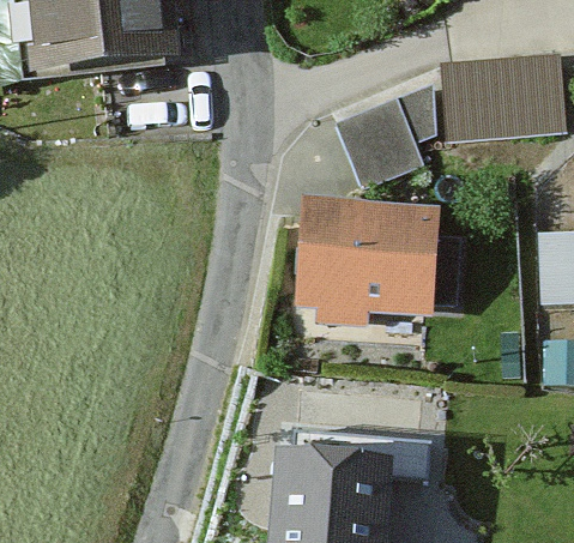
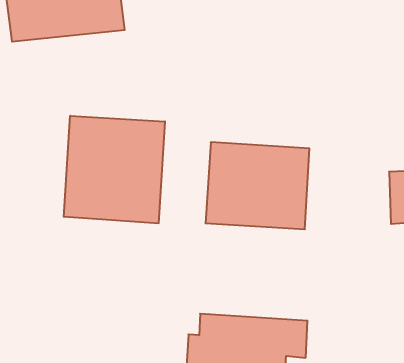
building: [338,59,521,193] -> none
building: none -> [64,116,165,223]

